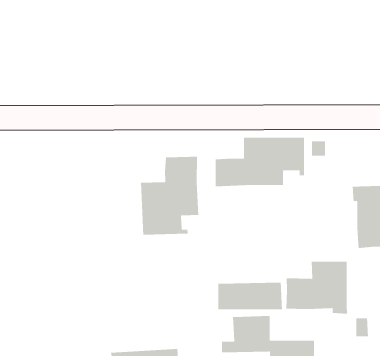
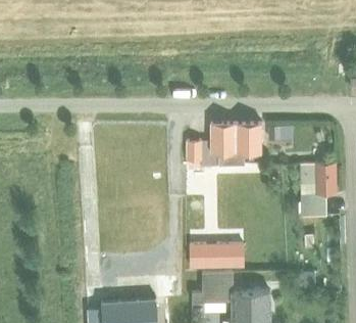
building: [140,156,199,236] -> none
building: [285,261,348,314] -> none

